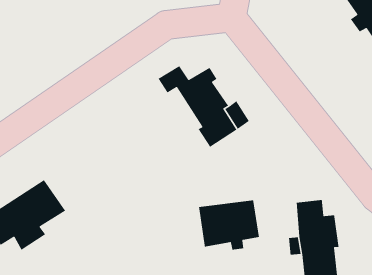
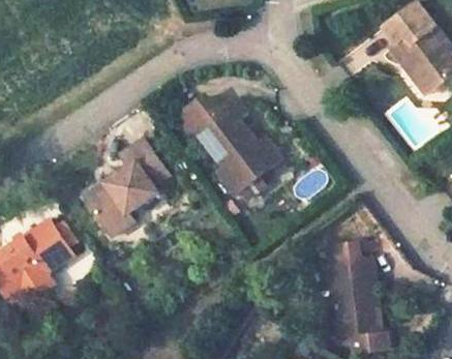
building: none -> [90,139,170,236]
building: [198,200,260,250] -> none

